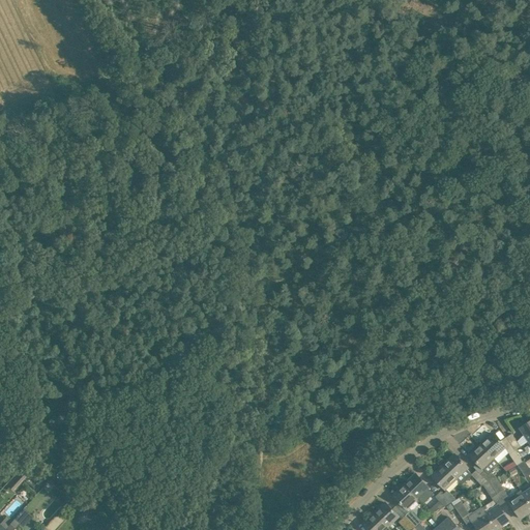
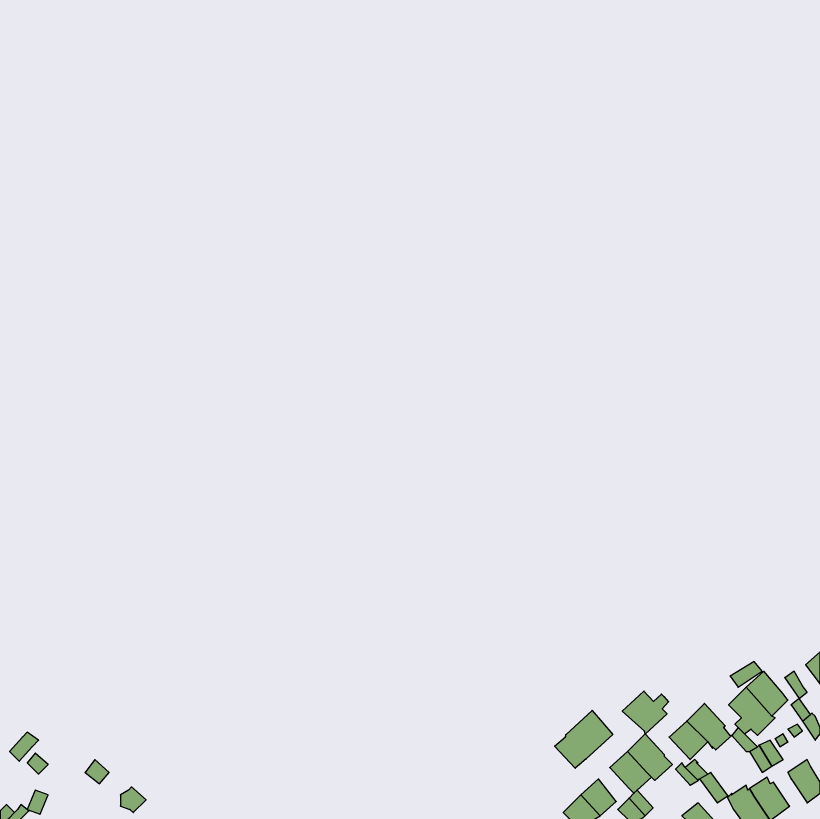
building: none -> [622,691,669,734]
building: none -> [555,710,613,768]

